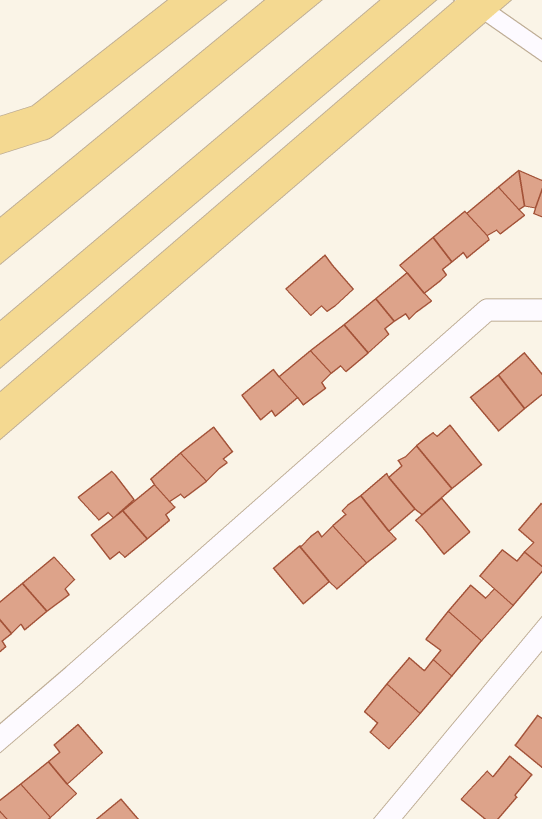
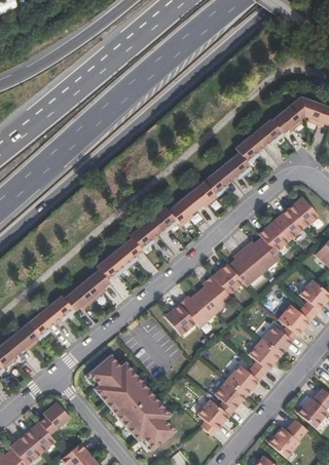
building: [286,255,353,315] -> none
building: none -> [130,220,157,250]
building: [78,471,134,520] -> [43,295,74,321]
building: [416,498,470,554] -> [259,221,289,251]
building: none -> [88,354,174,449]
building: none -> [197,399,228,435]

